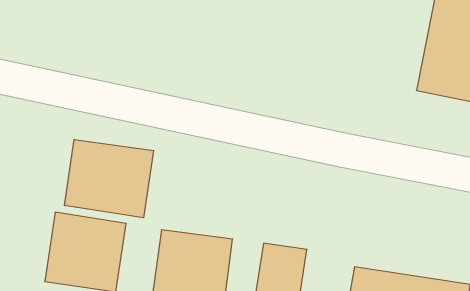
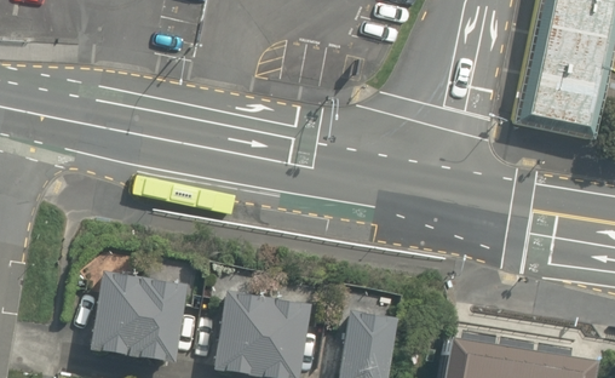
building: [65,139,154,218] -> none

